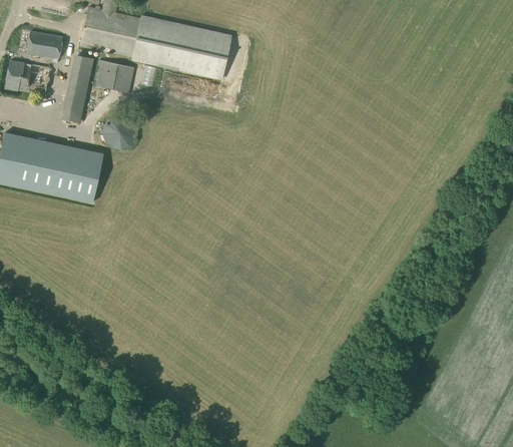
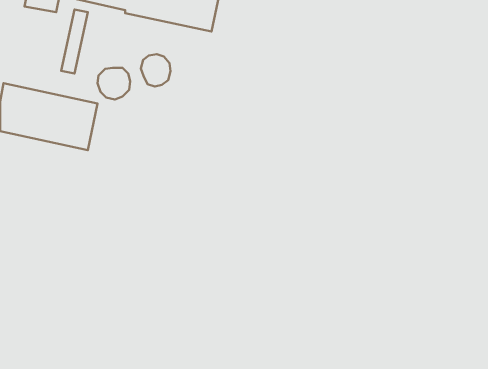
building: [5,60,49,94] -> none
building: [97,60,133,92] -> none
building: none -> [141,54,170,87]

